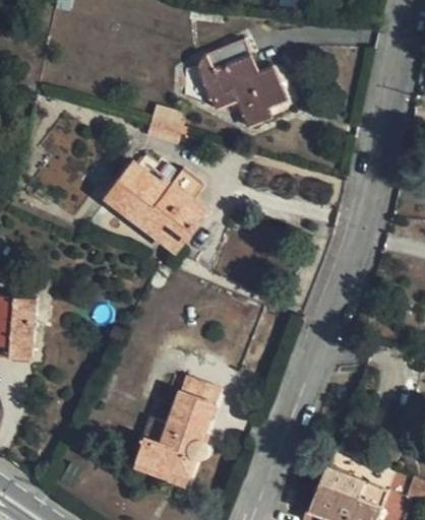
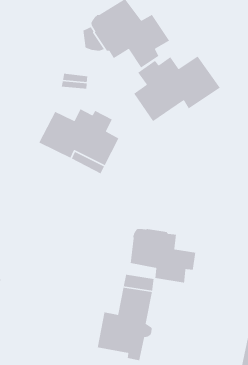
building: none -> [133,56,221,122]
building: none -> [130,228,196,284]

